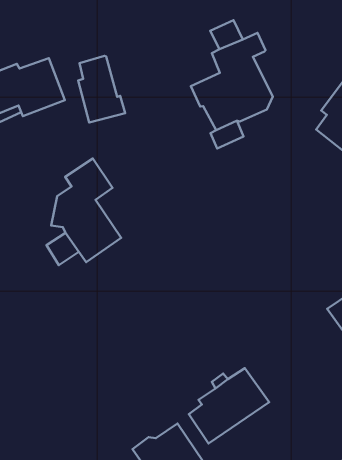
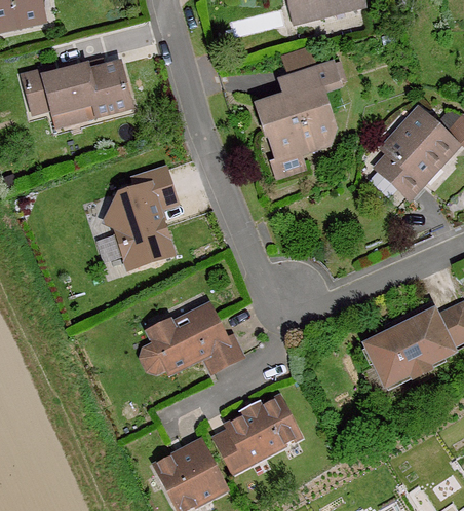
building: [78,56,125,123] -> none
building: none -> [144,307,241,372]

